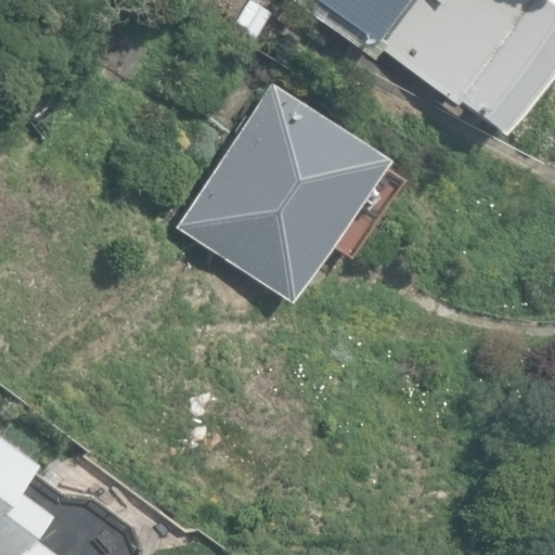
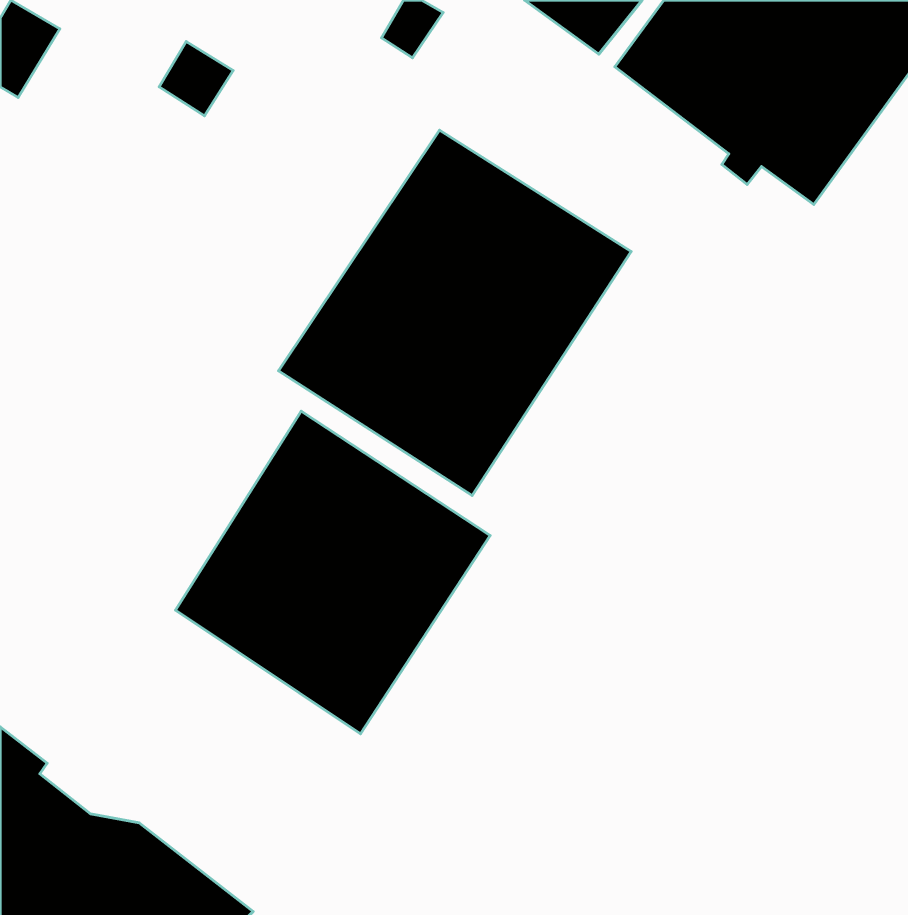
building: none -> [175,411,490,734]

